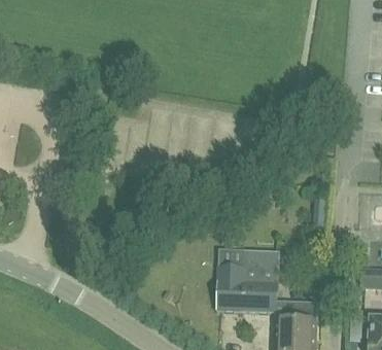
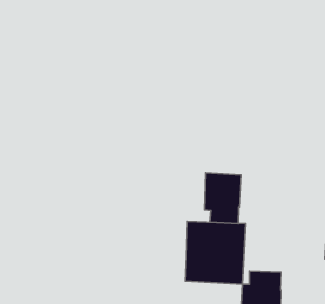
building: none -> [205,173,241,223]

